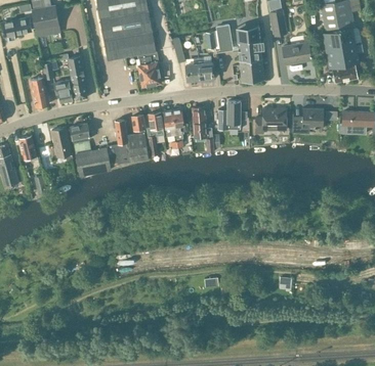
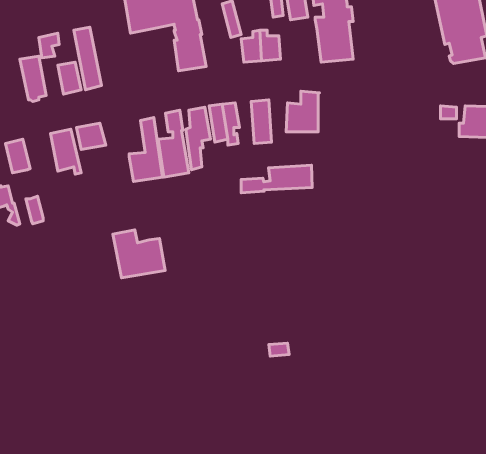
building: [283,43,310,64] -> none
building: [255,108,286,134] -> none
building: [292,108,324,134] -> none
building: [74,141,111,175] -> [113,230,165,278]
building: none -> [241,165,312,193]

